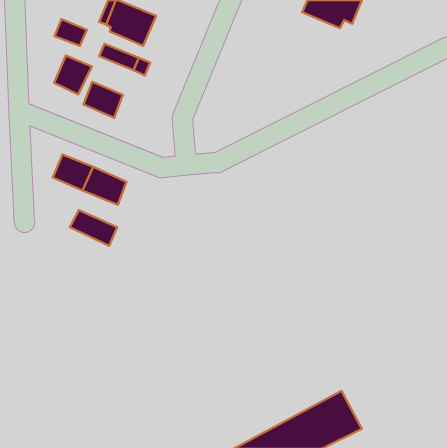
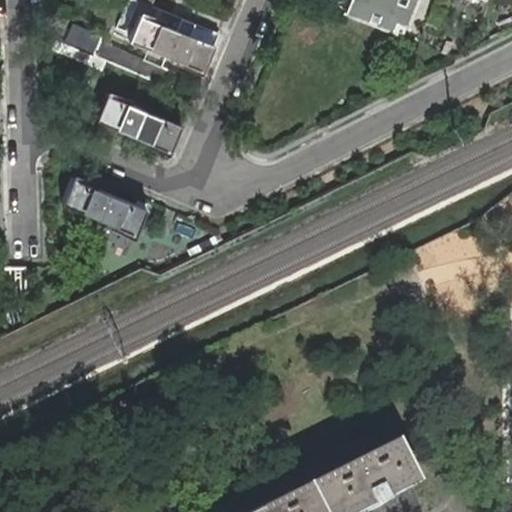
building: none -> [165,19,219,70]
building: [54,55,92,94] -> none
building: none -> [132,109,180,150]
building: [70,210,117,246] -> none

